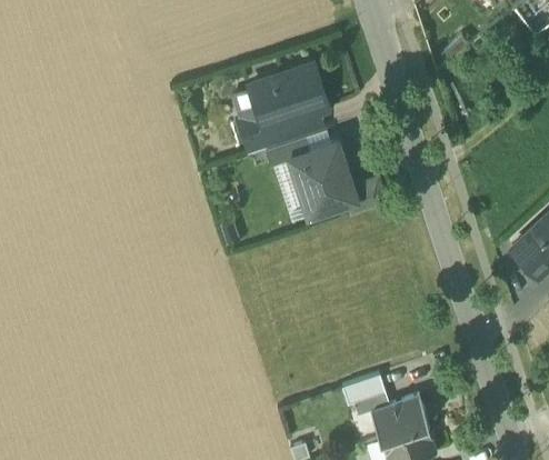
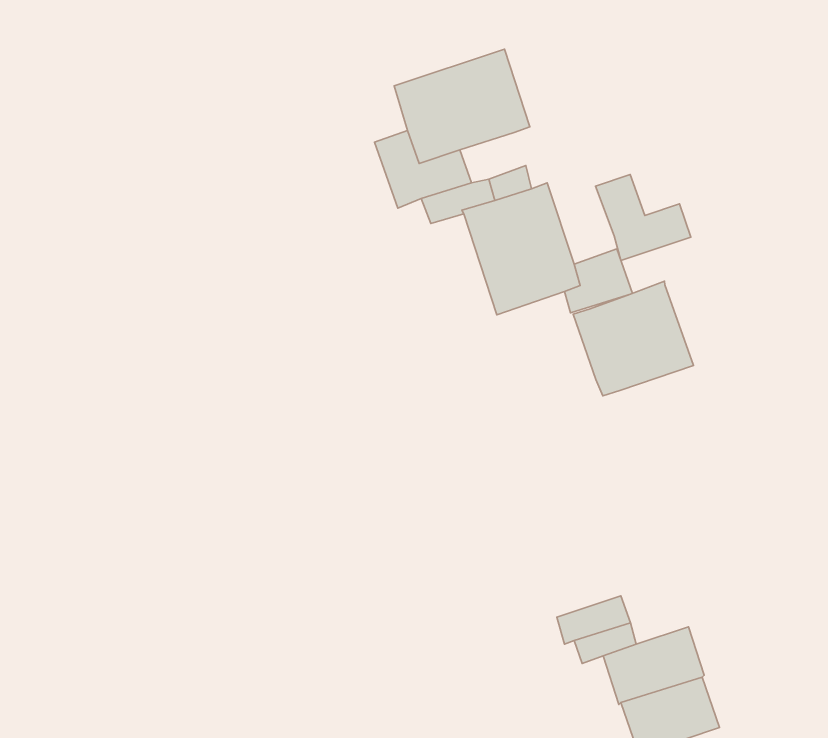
building: [287,110,325,139] -> none
building: none -> [595,175,691,260]
building: none -> [573,281,694,396]

